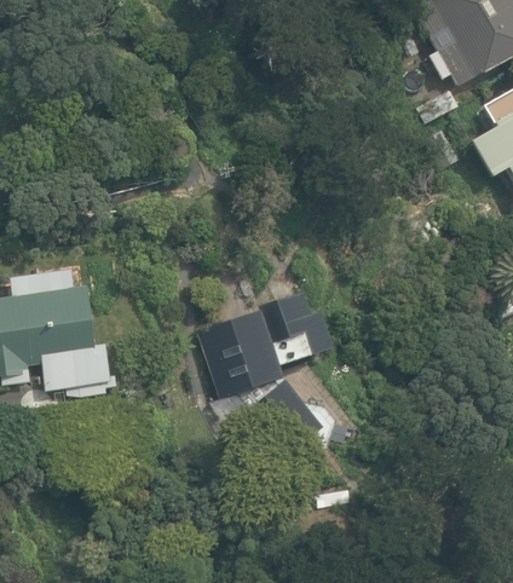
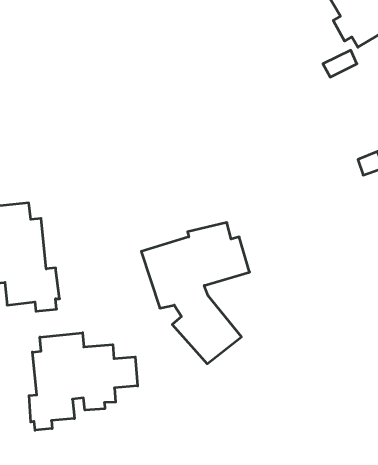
building: none -> [29,333,138,430]

